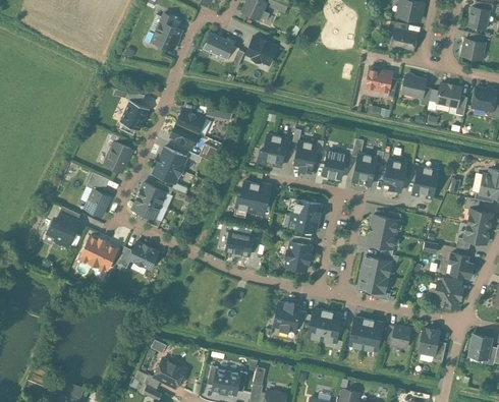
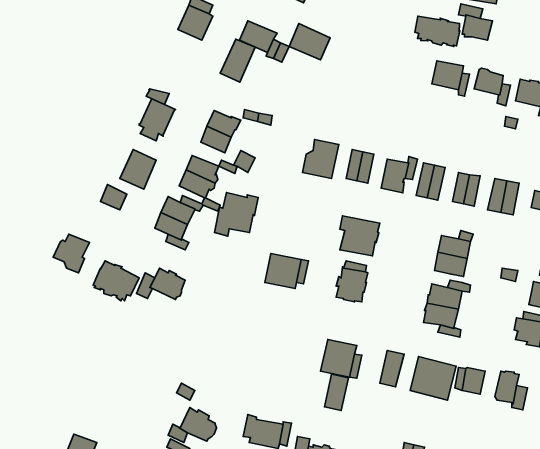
building: none -> [415,16,460,47]
building: none -> [220,39,255,82]
building: [234,181,271,218] -> [214,193,258,236]
building: [86,189,110,216] -> none
building: [308,308,328,339] -> [324,374,349,410]

